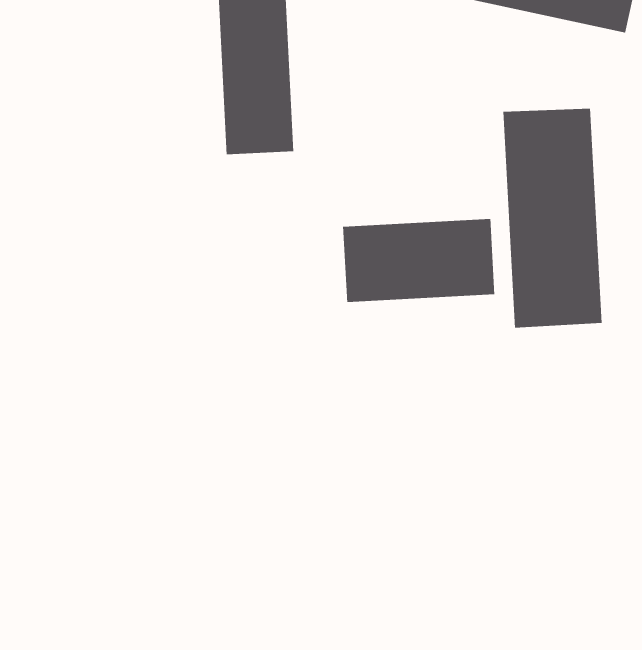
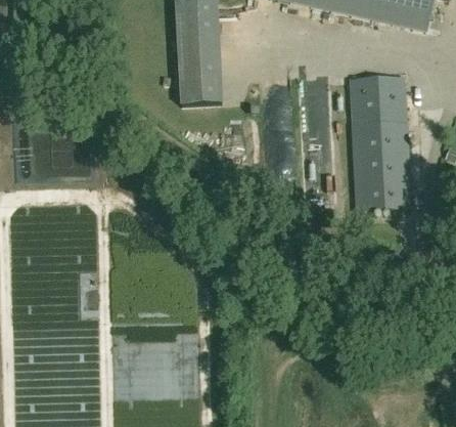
building: [343,218,495,303] -> none

